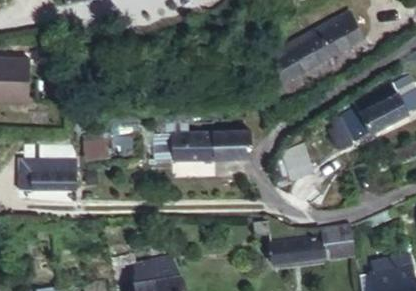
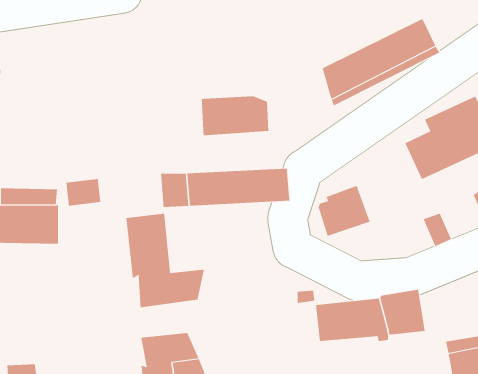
building: none -> [201,95,269,136]
building: none -> [126,213,204,308]

